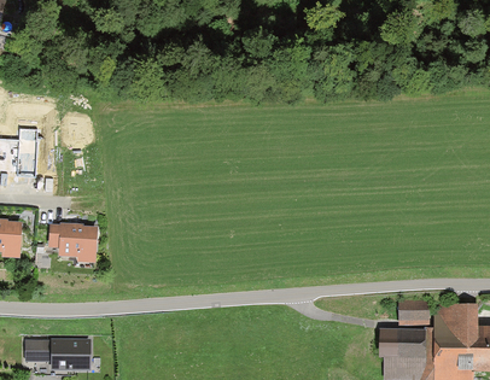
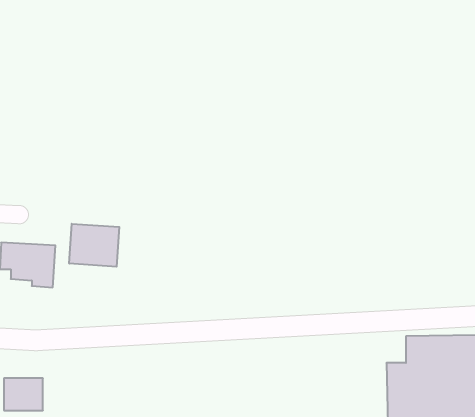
building: none -> [69,224,119,267]

